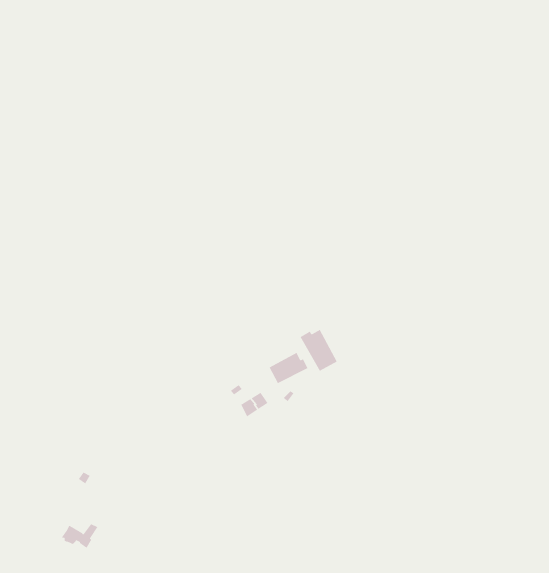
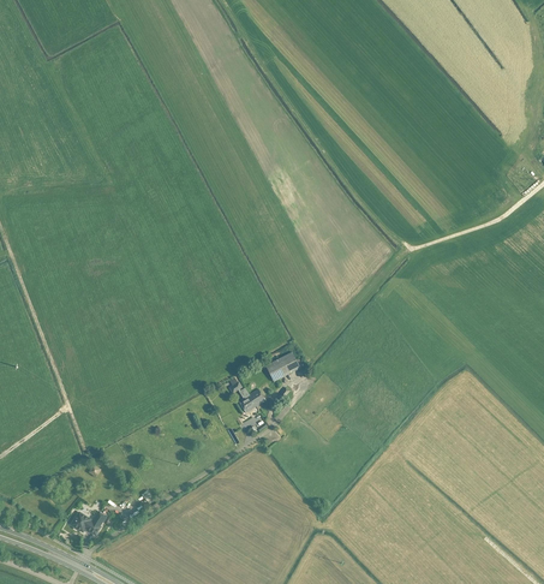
building: [300,329,338,372] -> none

